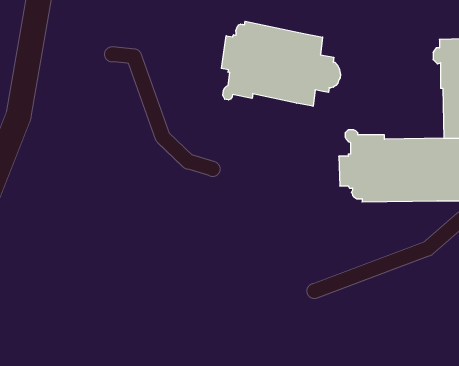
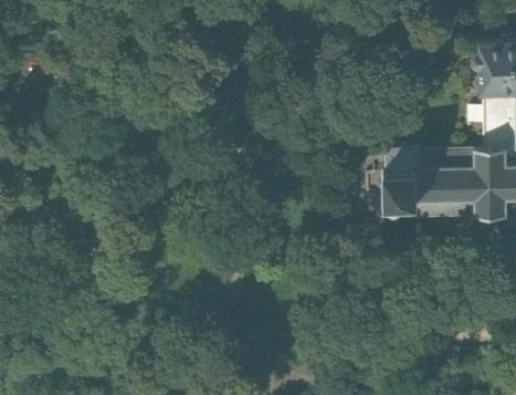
building: [221,21,340,106] -> none

